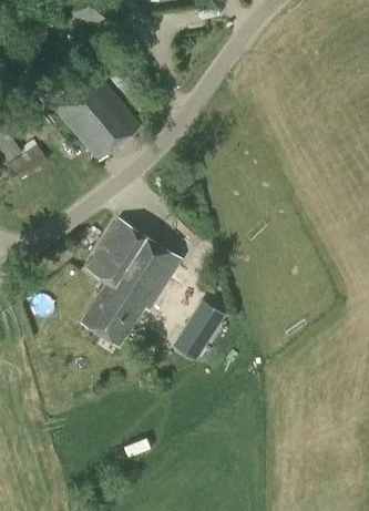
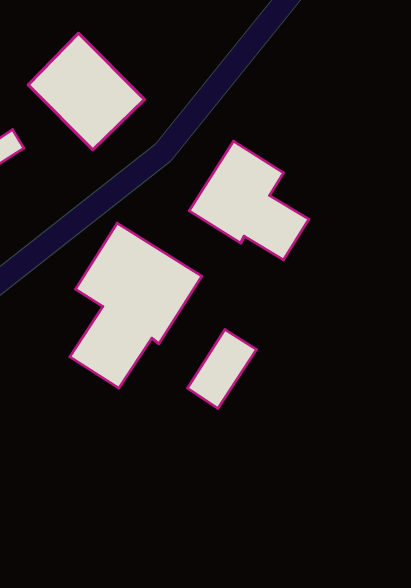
building: none -> [189,141,309,260]

